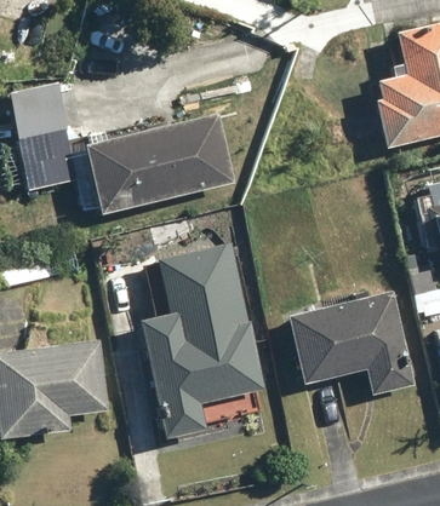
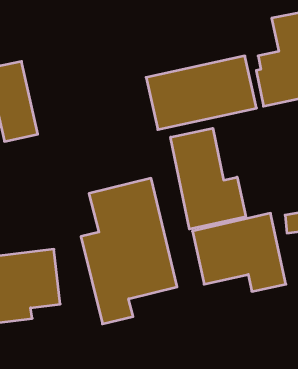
building: [84,114,233,213] -> [146,56,257,130]
building: none -> [171,128,246,229]

